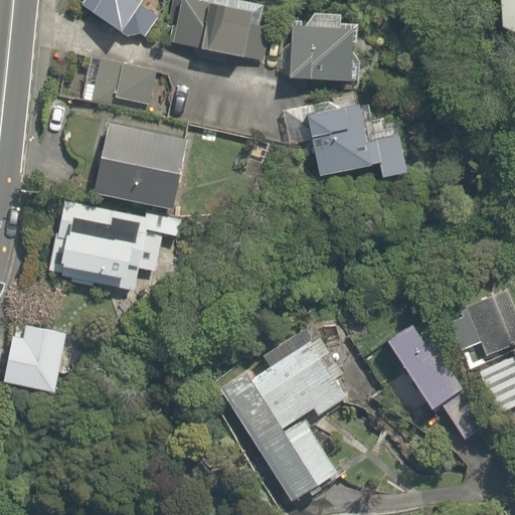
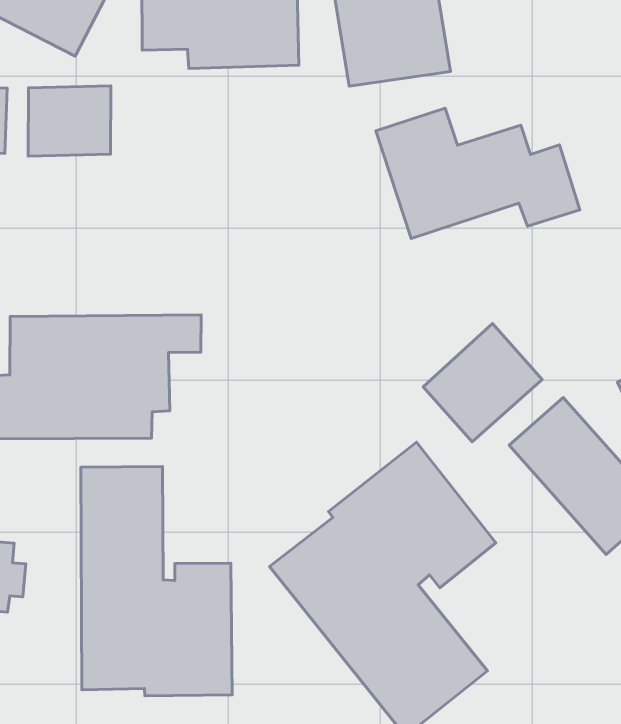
building: [103,130,193,205] -> none
building: none -> [423,324,542,442]
building: none -> [81,466,232,696]

